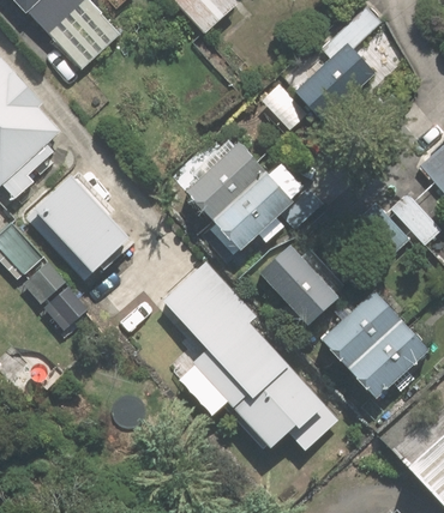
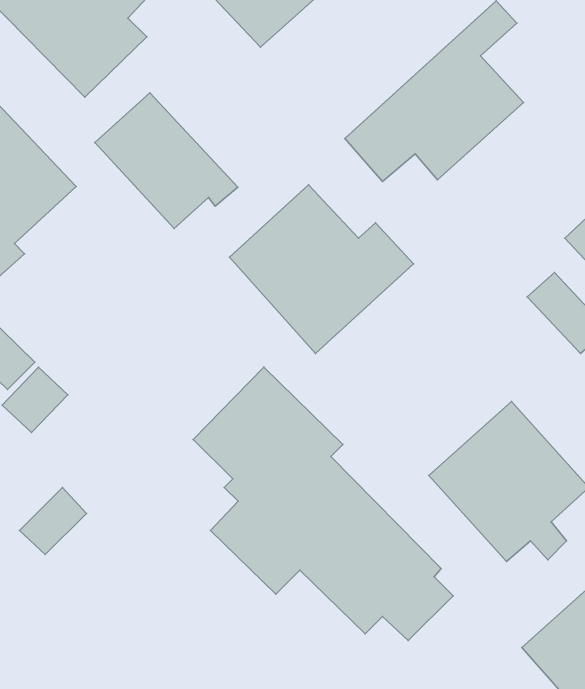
building: [40,177,139,272] -> [95,93,238,229]
building: [262,240,344,324] -> none

